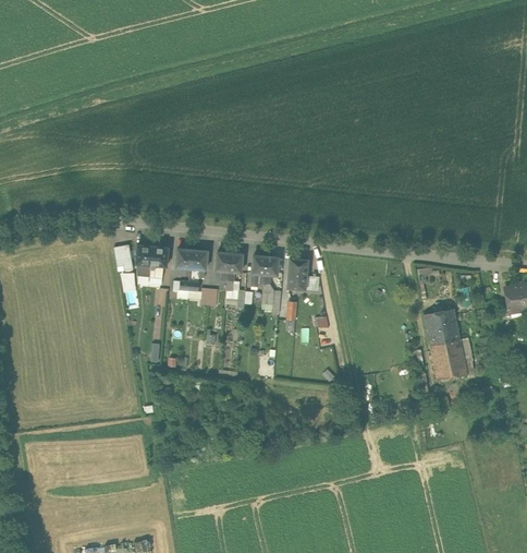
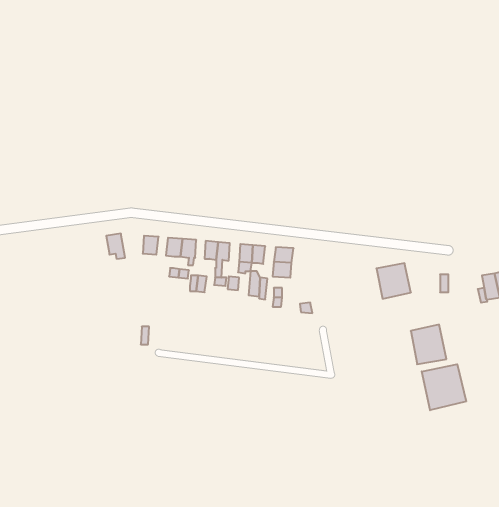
building: [136,245,152,277] -> none
building: [424,309,459,346] -> [376,263,411,299]
building: none -> [422,364,466,410]

